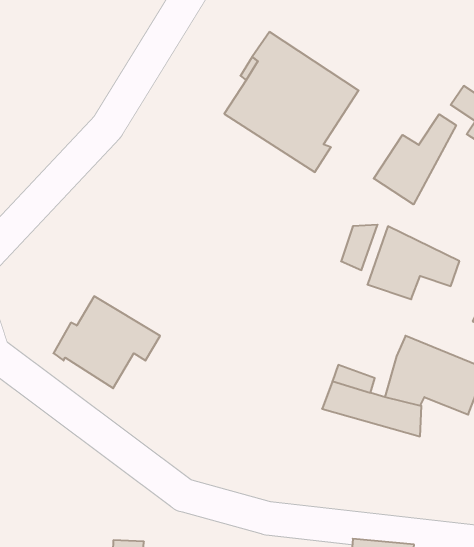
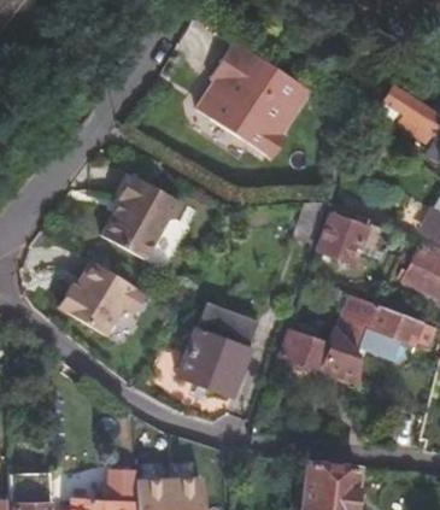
building: [374,114,456,204] -> none
building: none -> [102,172,182,259]
building: none -> [177,299,256,393]

